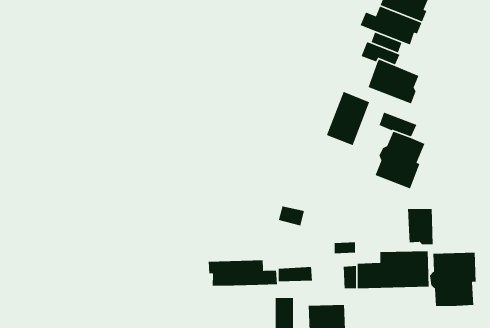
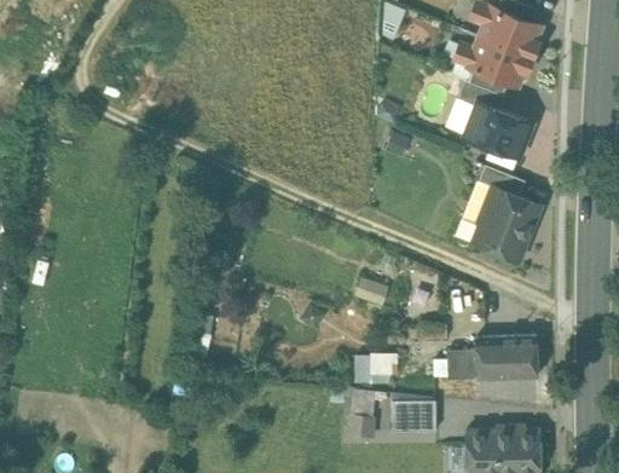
building: [326,91,370,146] -> none
building: [407,208,434,245] -> none
building: [429,252,476,307] -> none
building: [208,260,278,287] -> none

